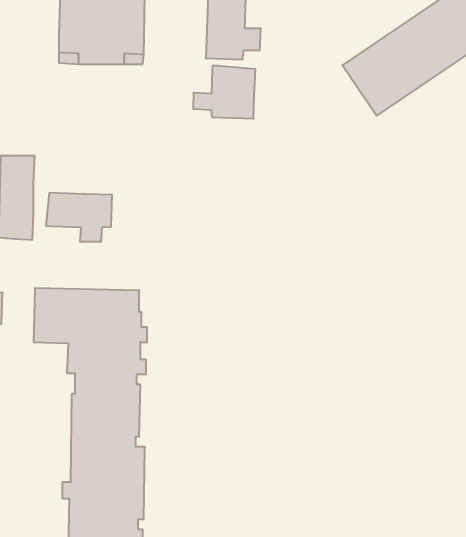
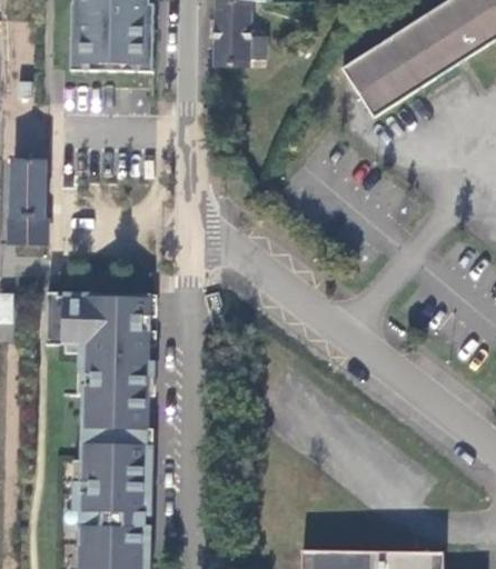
building: [194,65,255,119] -> none
building: [46,193,112,242] -> none

